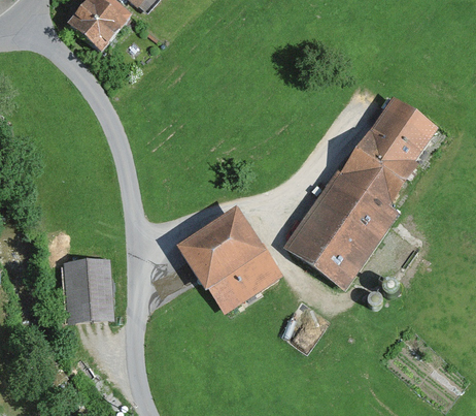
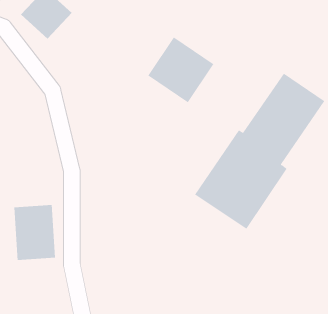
building: none -> [147,37,214,103]
building: [179,207,282,313] -> none

